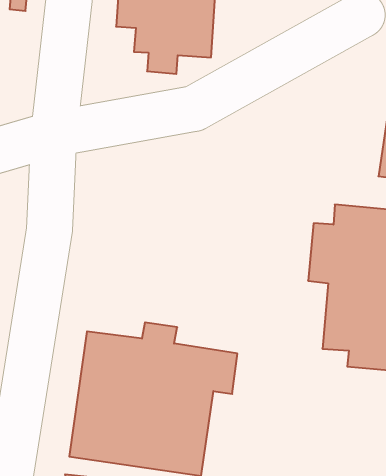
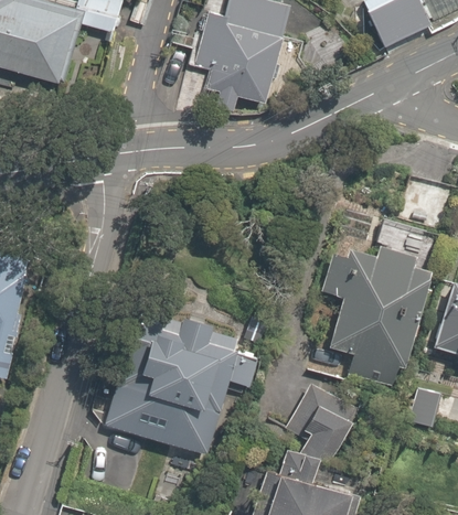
building: none -> [285,382,363,459]

